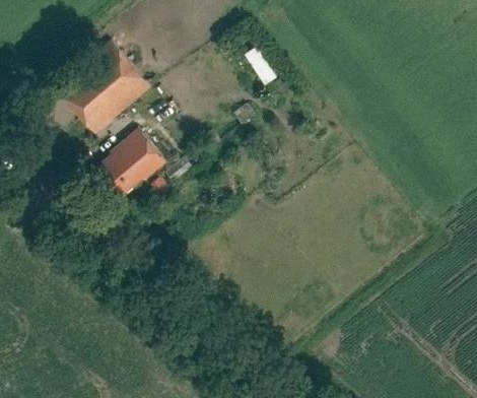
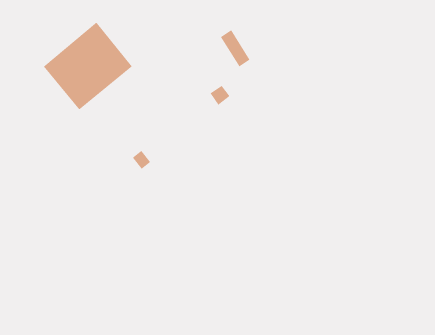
building: [99,127,167,194] -> none

